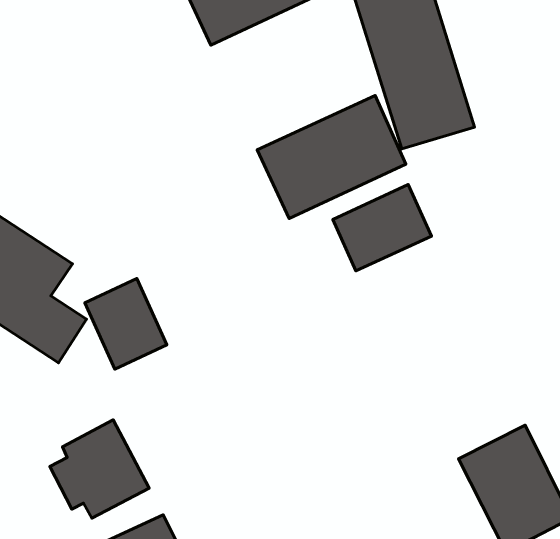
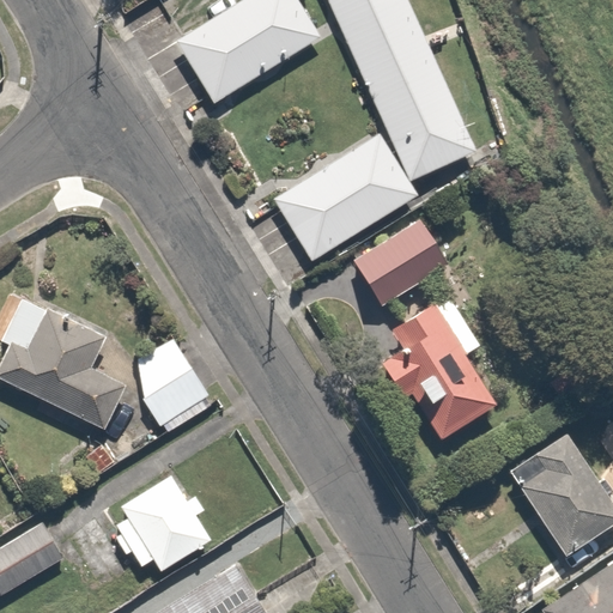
building: none -> [375,298,494,437]

